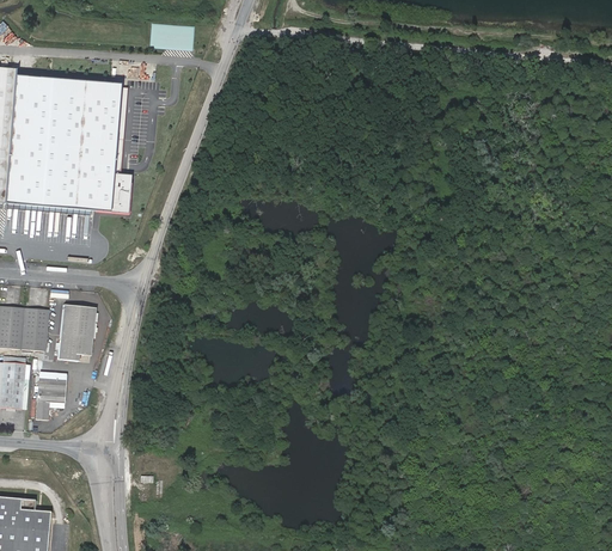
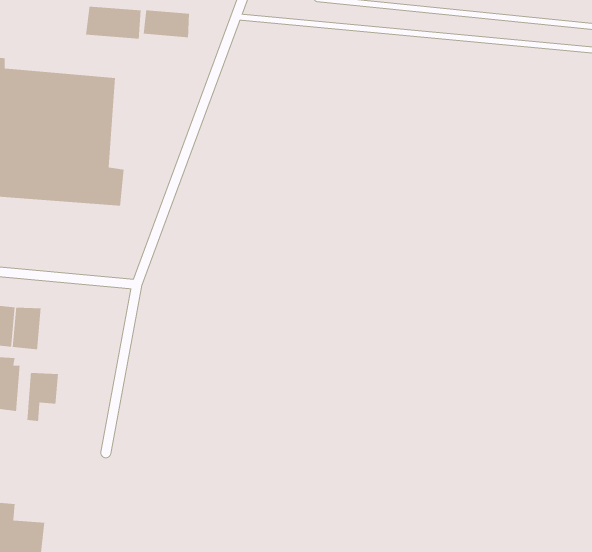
building: none -> [85,6,142,40]
building: [56,304,96,361] -> none

